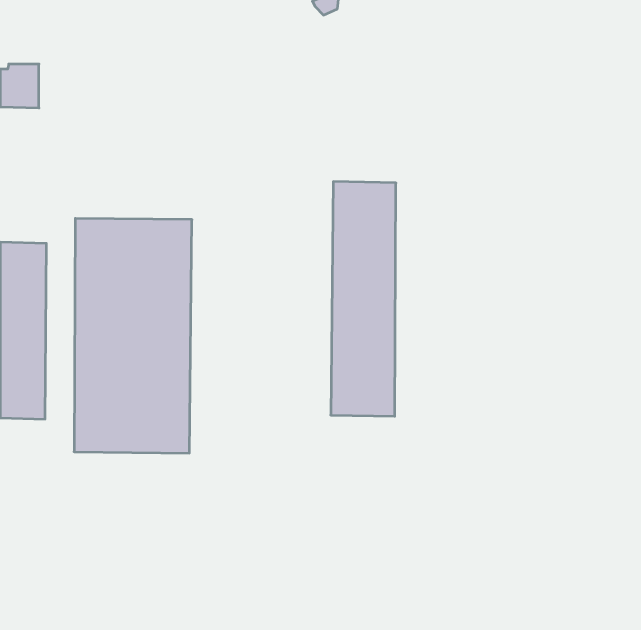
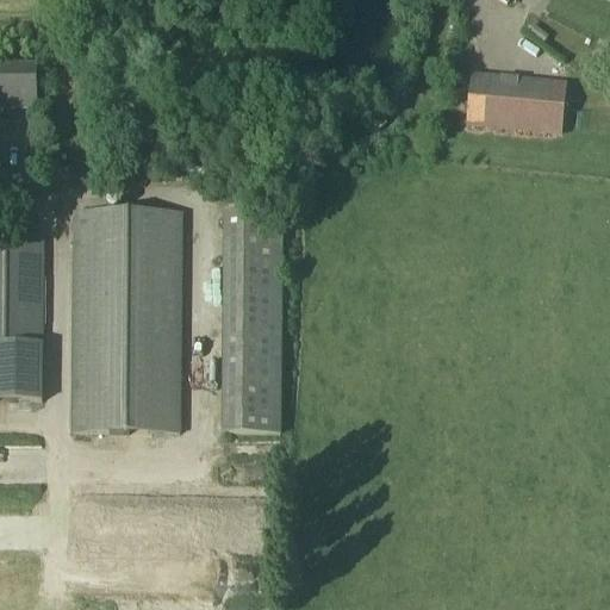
building: none -> [465,69,567,131]
building: [331,182,396,416] -> [220,208,282,431]

